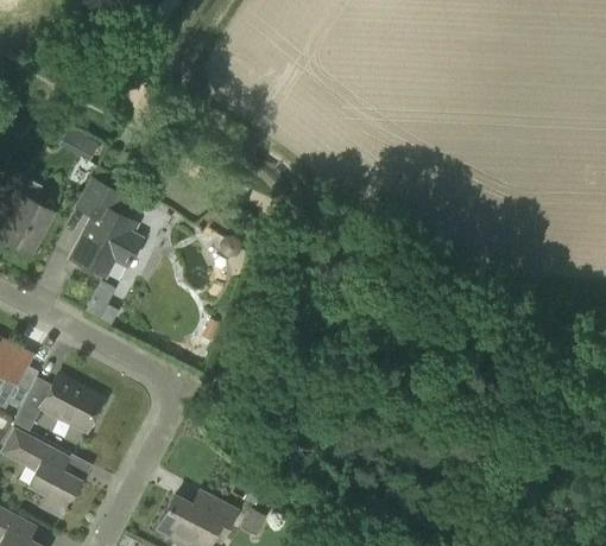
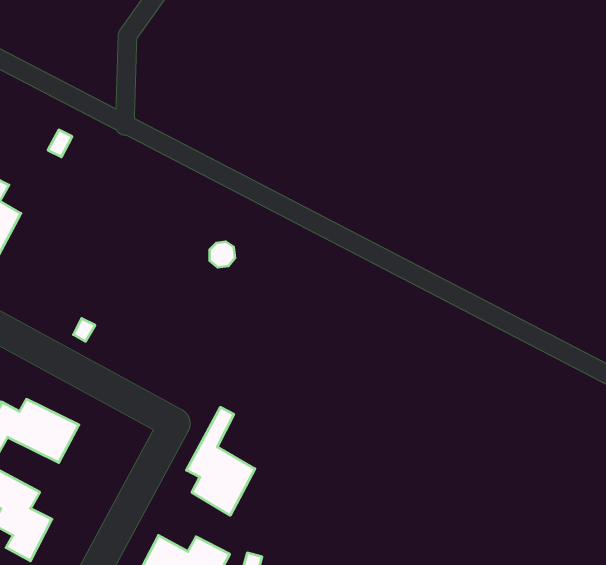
building: [70,178,137,275] -> none
building: none -> [186,407,255,515]

